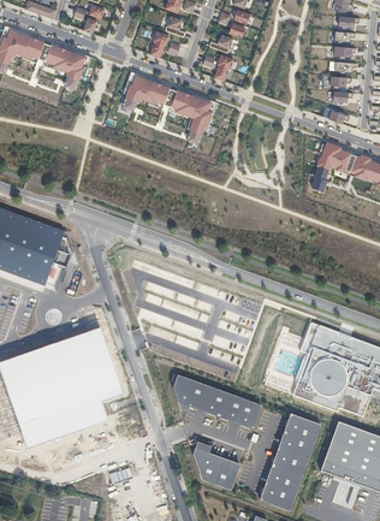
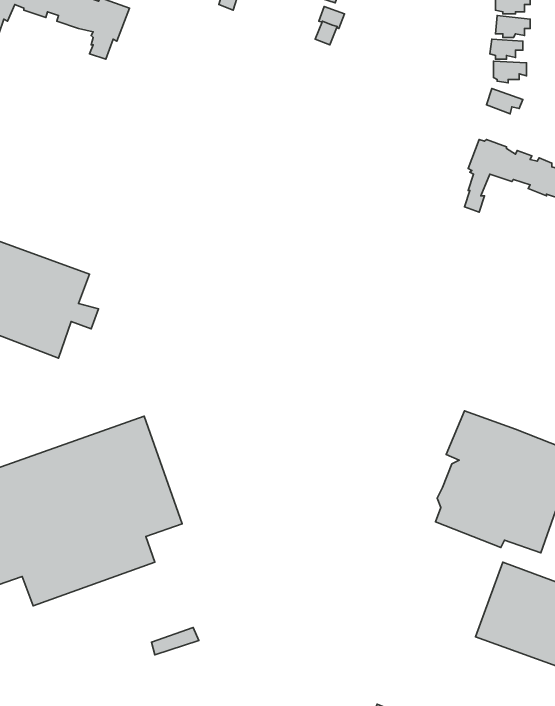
building: [121,70,216,143] -> none
building: [171,372,260,425] -> none
building: [259,412,320,508] -> none
building: [192,438,241,486] -> none

